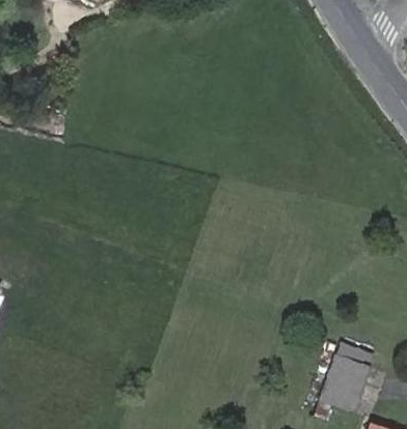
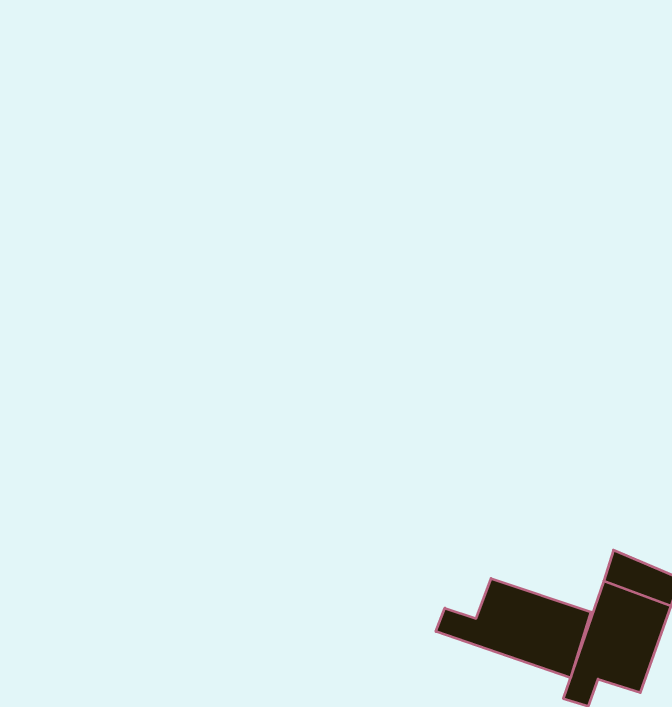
building: none -> [436,578,591,678]

